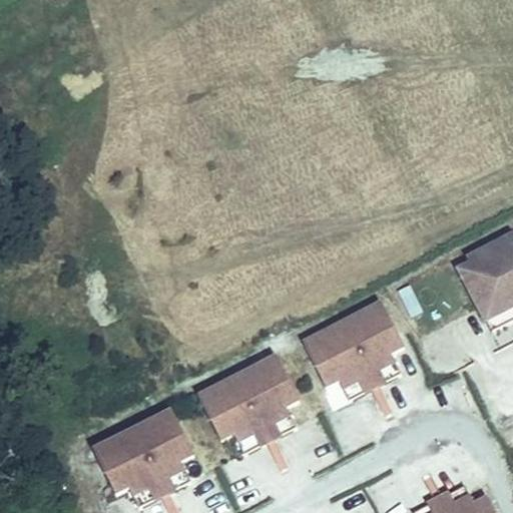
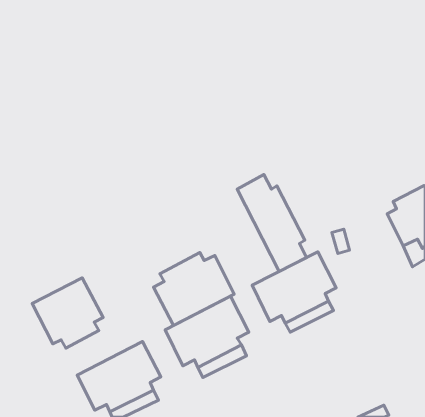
building: none -> [237,174,307,271]
building: none -> [153,253,234,325]
building: none -> [32,278,103,348]

